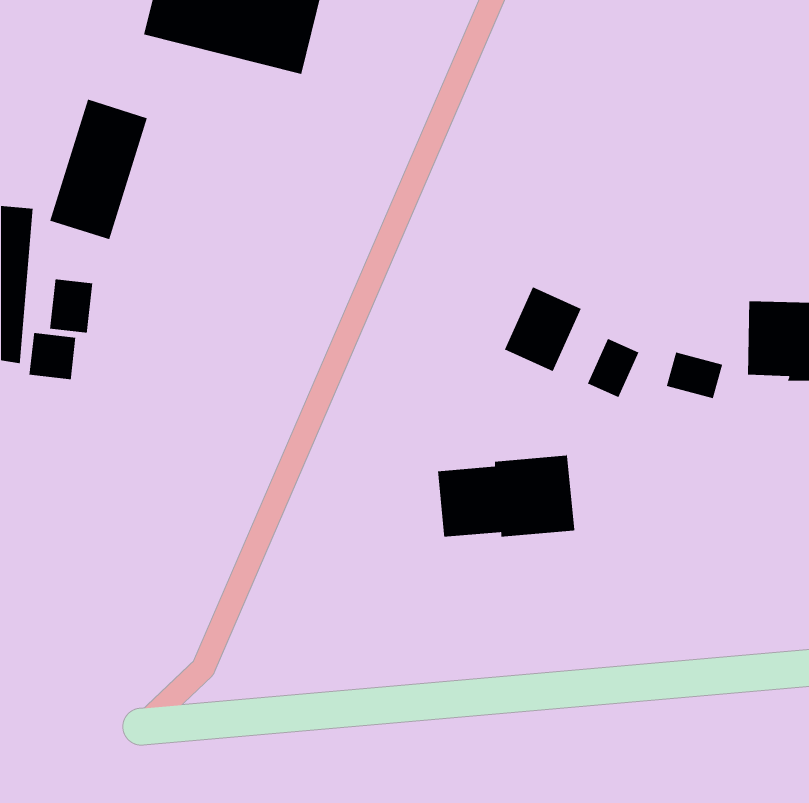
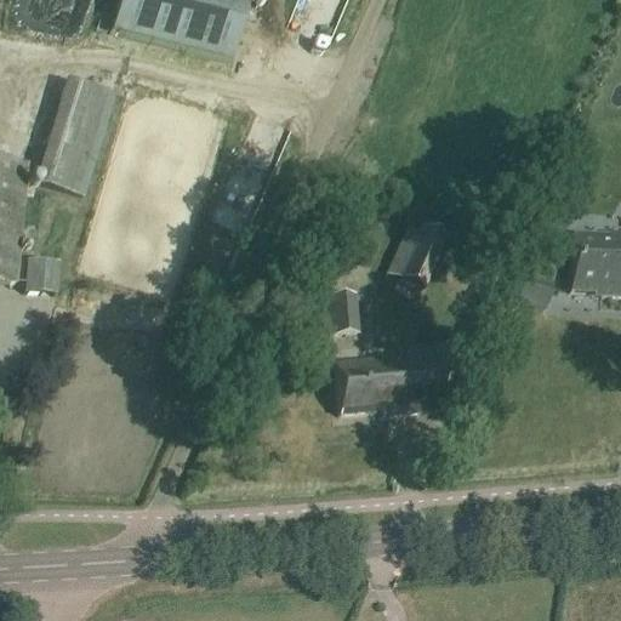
building: [49,279,93,333] -> none
building: [587,338,639,398] -> none
building: none -> [326,287,360,331]

